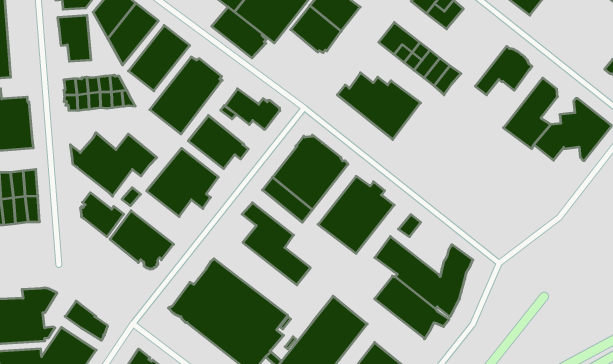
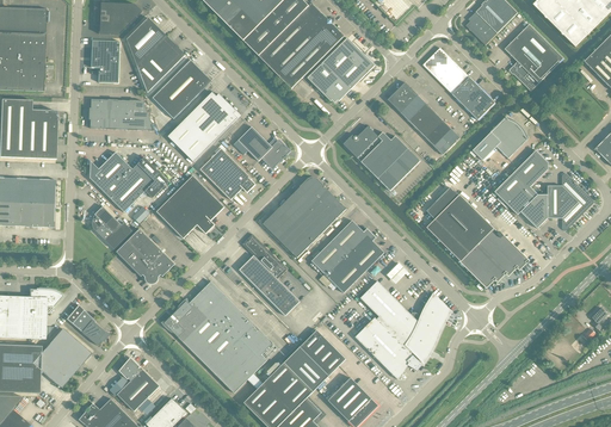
building: [212,7,266,58] -> none
building: none -> [451,78,494,119]
building: none -> [425,187,527,286]

